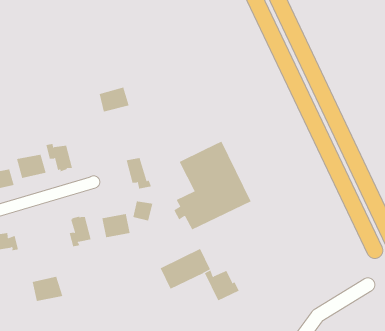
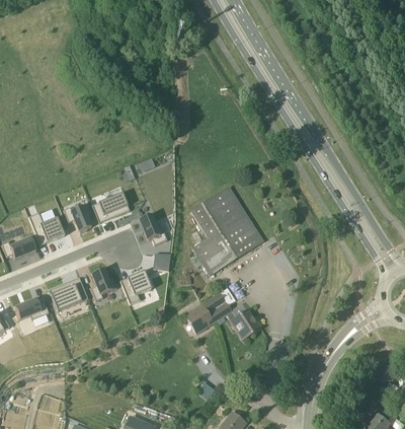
building: [99,87,129,112] -> [98,195,129,221]
building: [32,276,63,302] -> [51,279,82,305]

